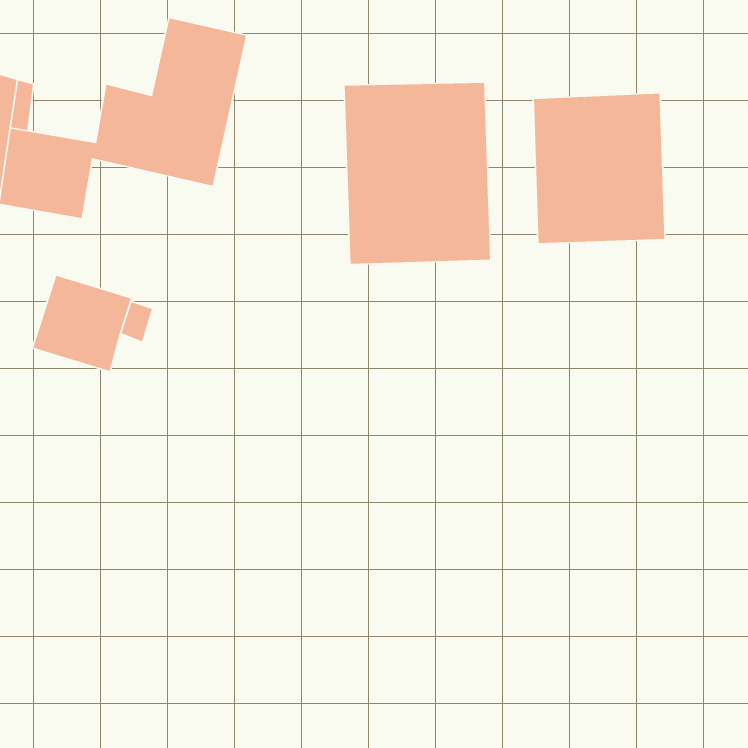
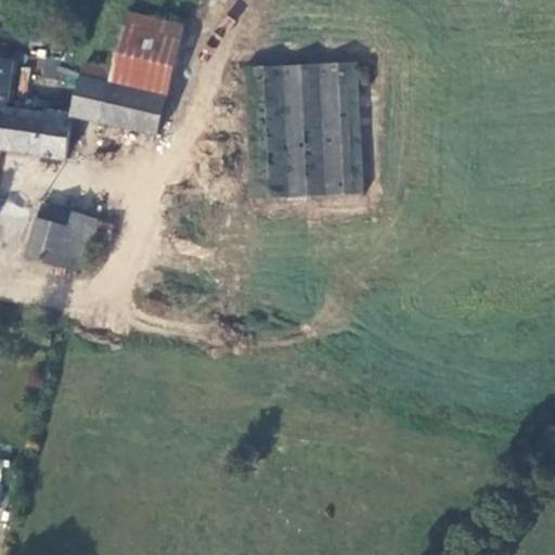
building: [533,93,665,244] -> none

